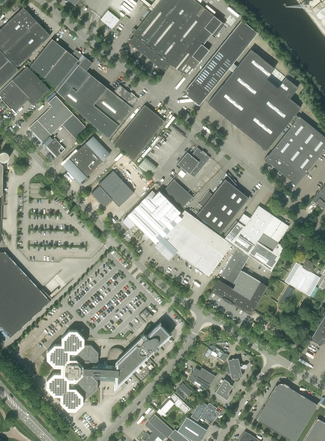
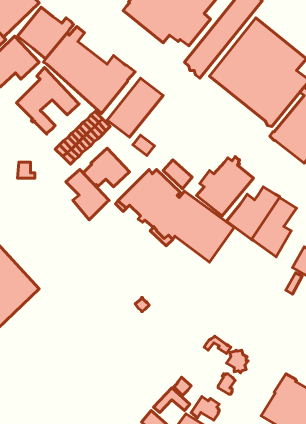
building: [177,147,210,178] -> none
building: none -> [66,169,109,220]
building: [211,248,267,314] -> none
building: [46,322,171,410] -> none
building: [188,367,216,390] -> none

